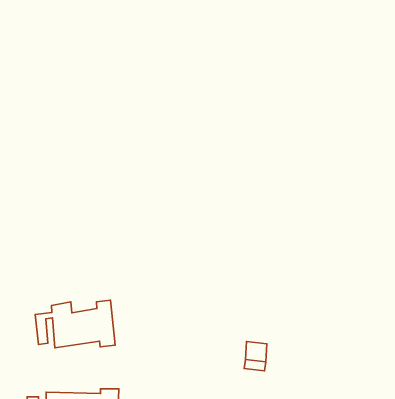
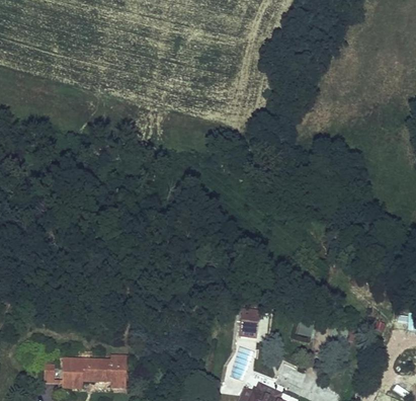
building: [35,300,115,348] -> none

